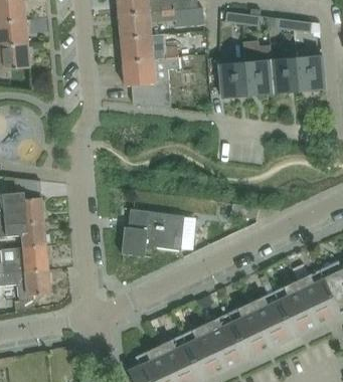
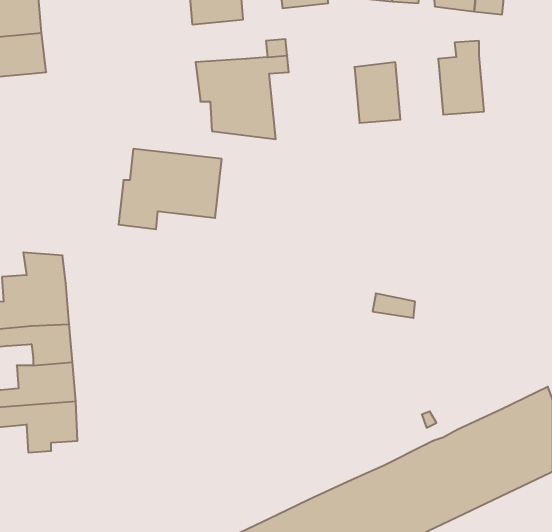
building: [120,35,153,61] -> none
building: [242,40,274,97] -> none
building: [296,55,325,91] -> none
building: [121,208,184,257] -> [118,149,222,229]

